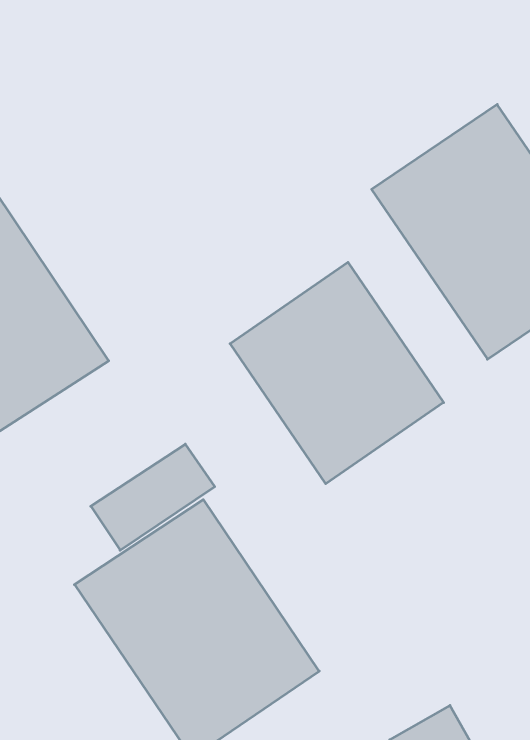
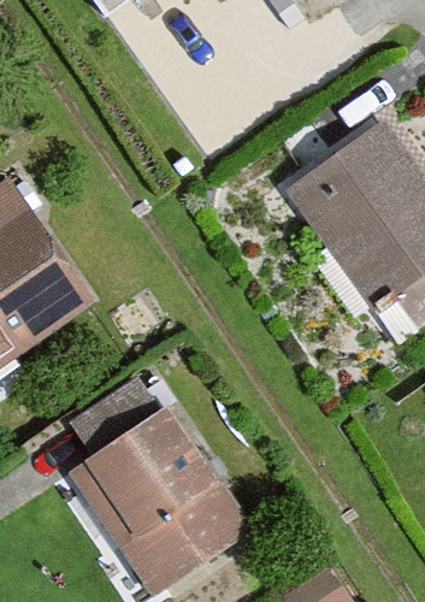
building: [230,262,444,484] -> none

